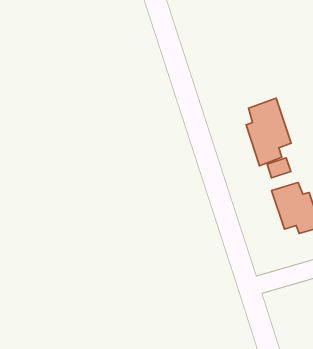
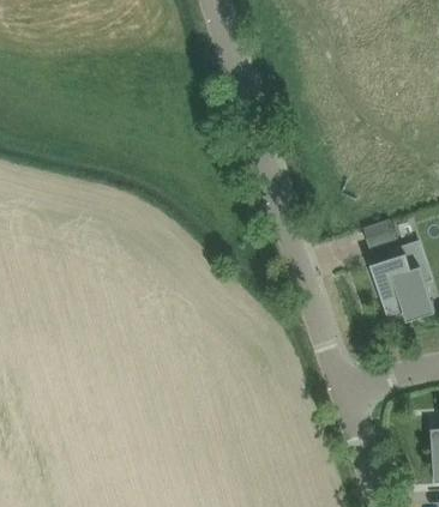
building: [246,98,291,166] -> none

